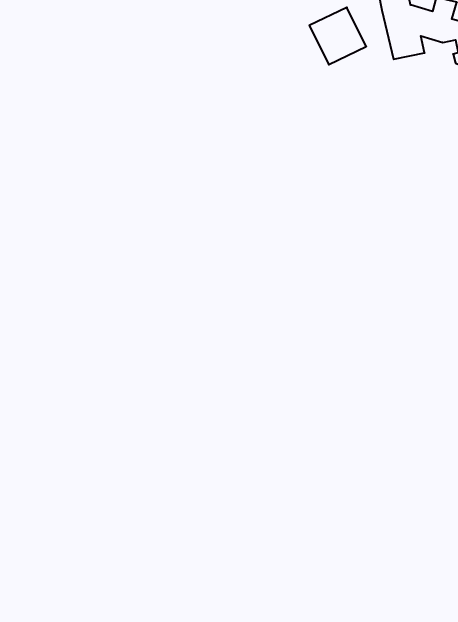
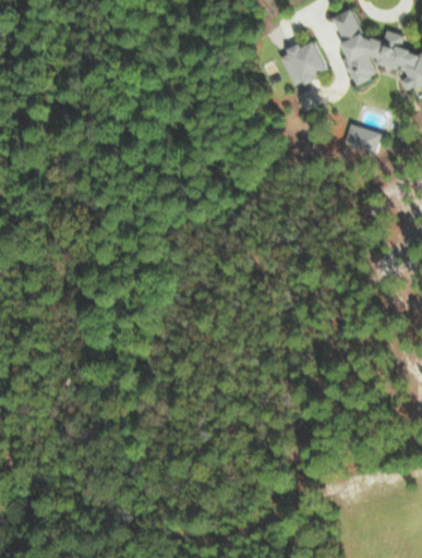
building: none -> [343,124,381,153]

